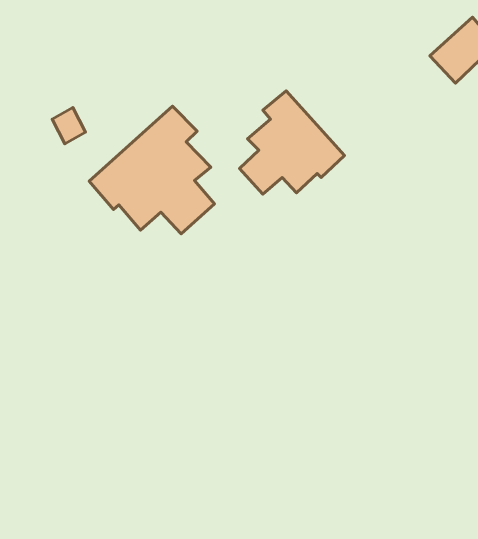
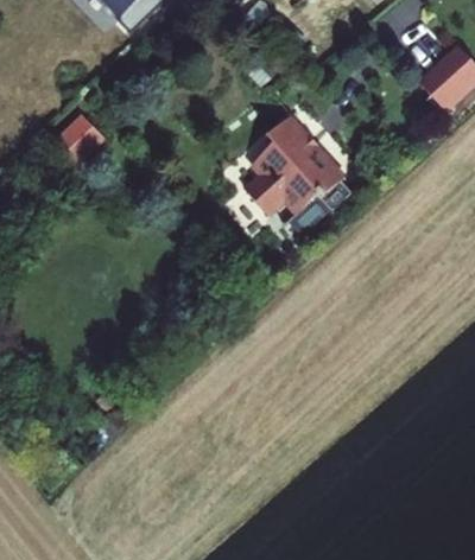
building: [89,106,215,234] -> none

